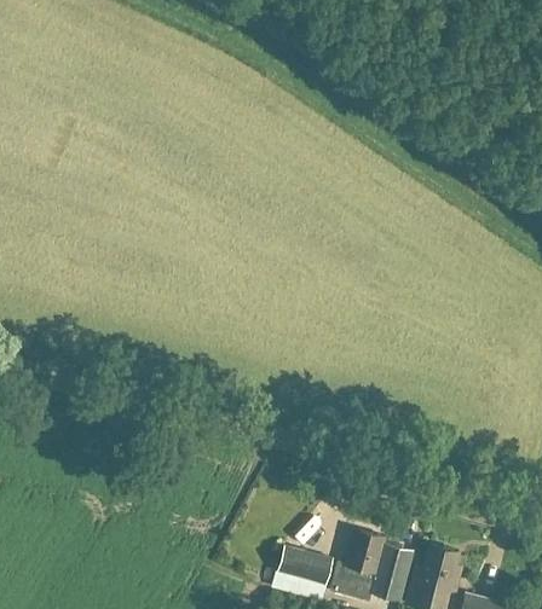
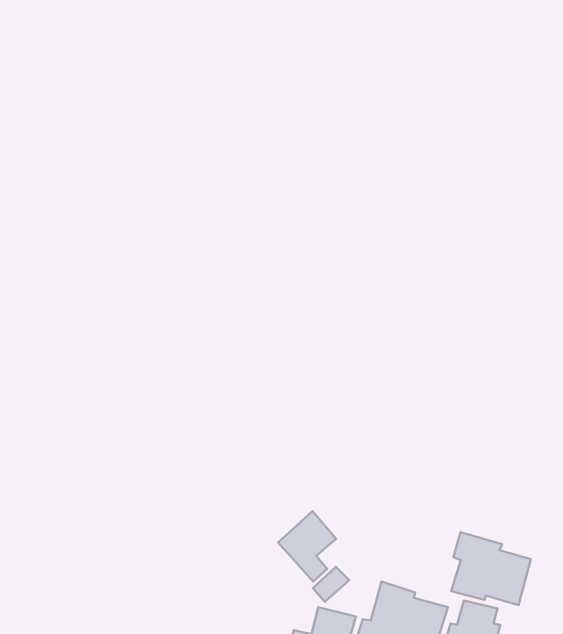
building: none -> [278,511,336,582]
building: none -> [451,532,531,605]

